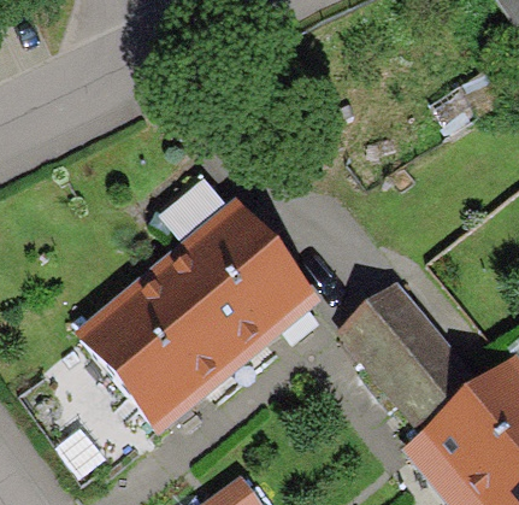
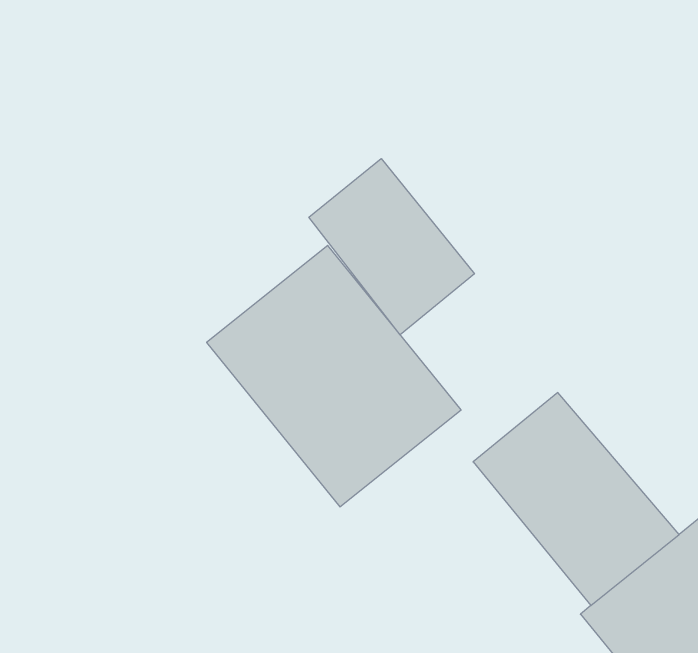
building: none -> [309,159,474,335]
building: [70,252,246,434] -> none

